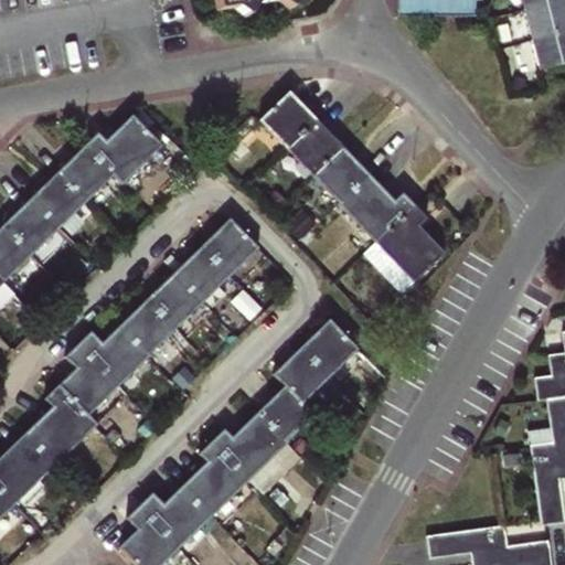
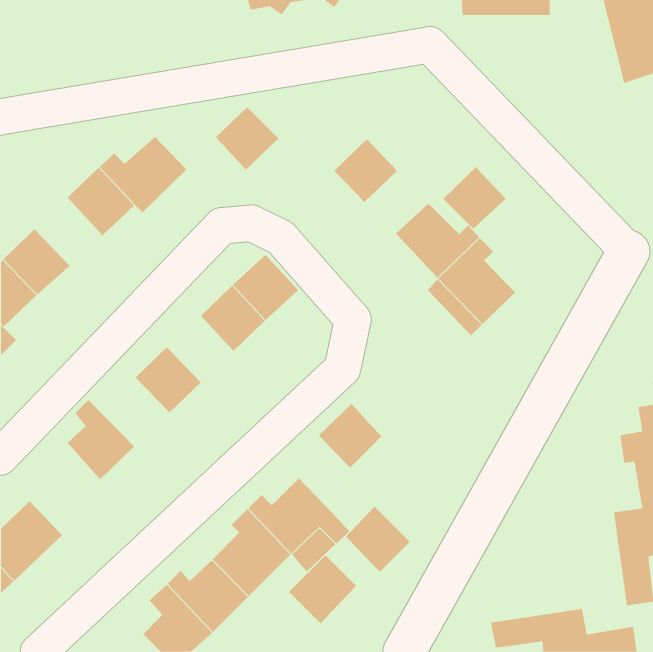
building: [263,92,318,147] -> [215,106,279,171]
building: [316,147,371,201] -> [442,167,507,230]
building: [32,170,90,228] -> none
building: [146,271,203,329] -> none
building: [305,320,360,375] -> none
building: [78,324,148,384] -> none
building: [28,381,97,460] -> none
building: [259,384,316,441] -> [345,506,411,573]
building: none -> [288,554,357,624]

